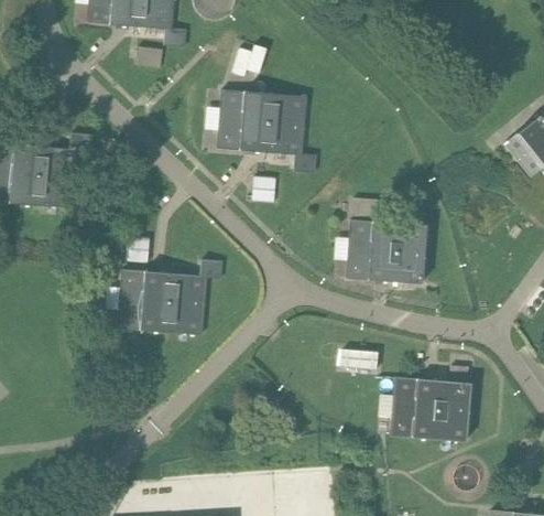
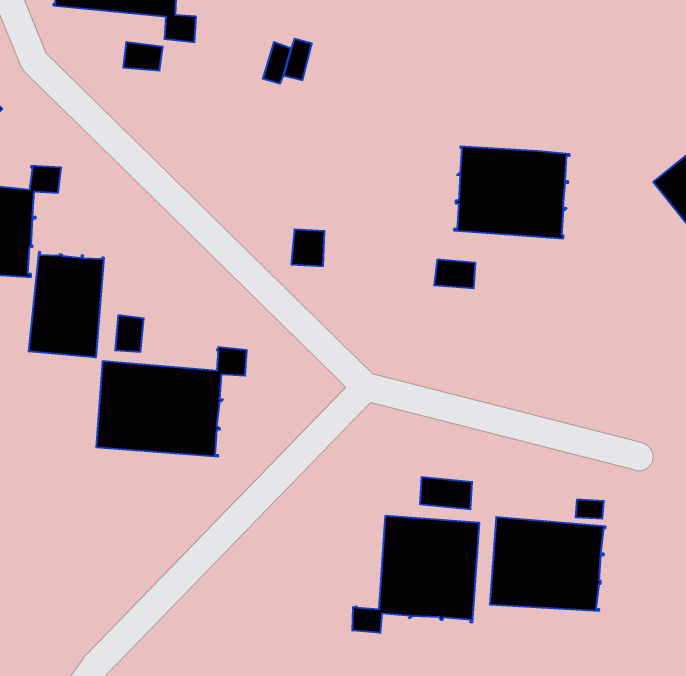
building: [218,90,317,173] -> none
building: none -> [29,252,104,358]
building: [347,221,427,284] -> [454,146,570,238]
building: none -> [352,516,479,633]

